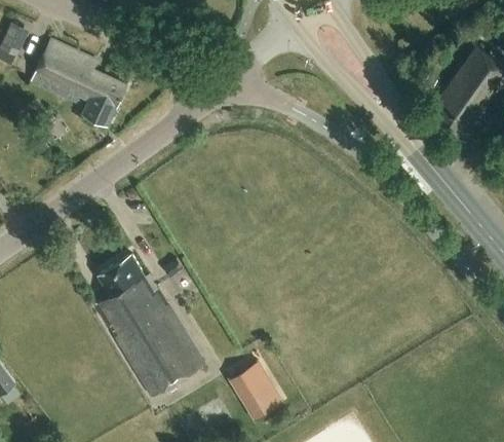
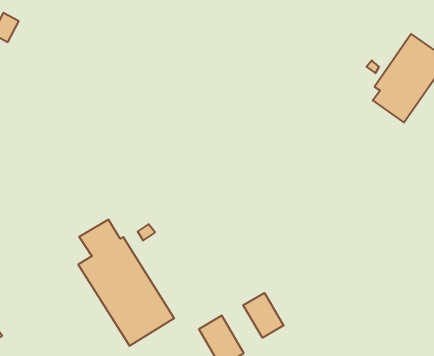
building: [31,40,125,125] -> none
building: none -> [243,293,284,338]

